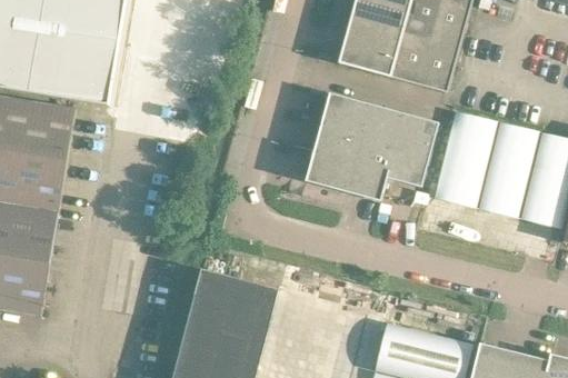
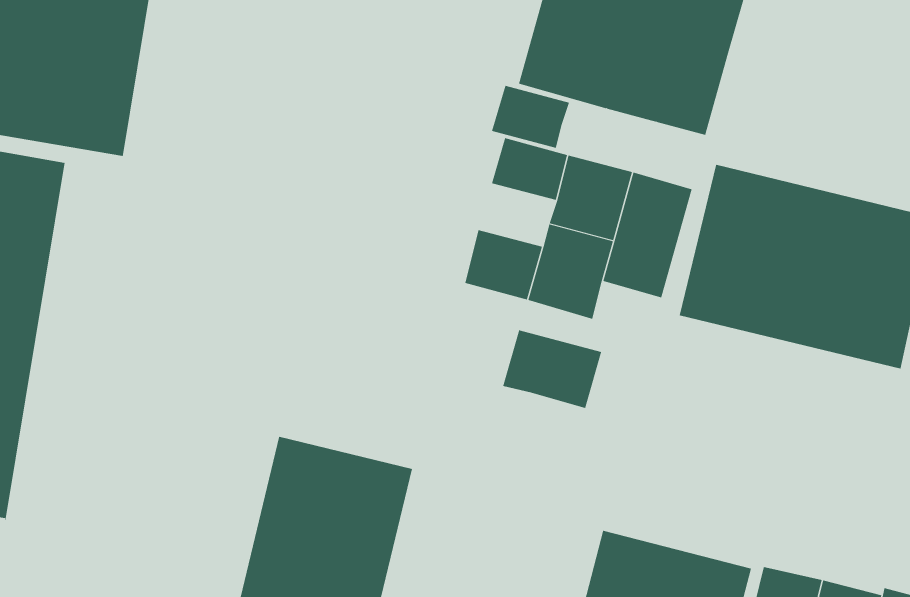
building: [315,120,360,157] -> [491,85,570,148]
building: none -> [502,329,602,409]

